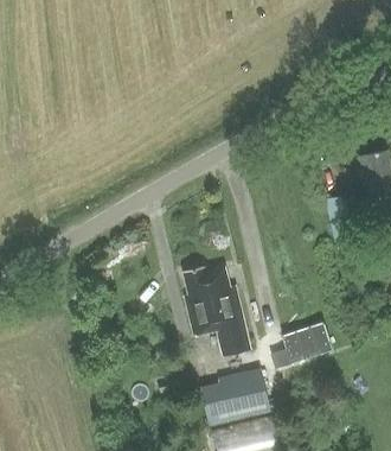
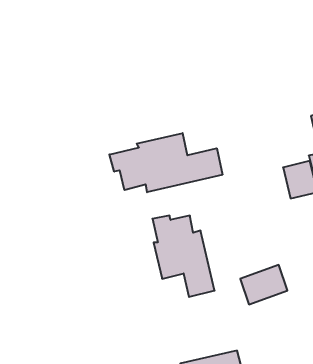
building: none -> [109,133,222,192]
building: [201,368,269,423] -> none

